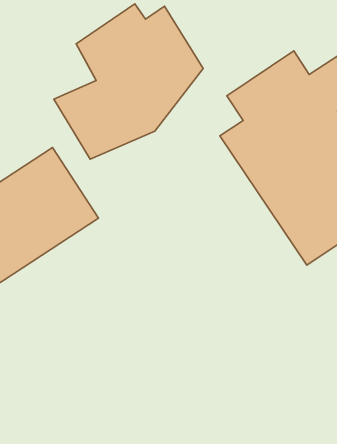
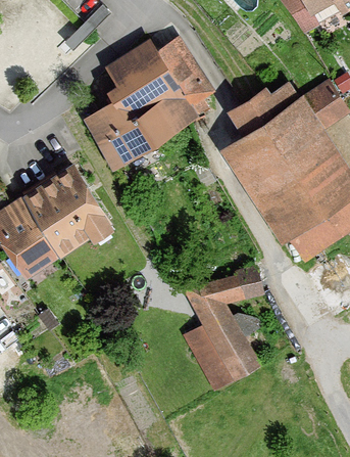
building: none -> [178,264,273,392]

